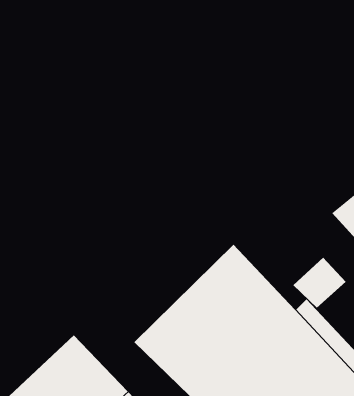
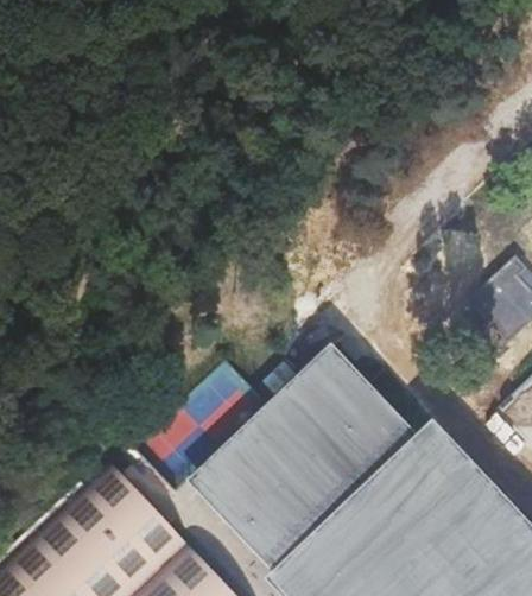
building: [293,257,347,308] -> none

